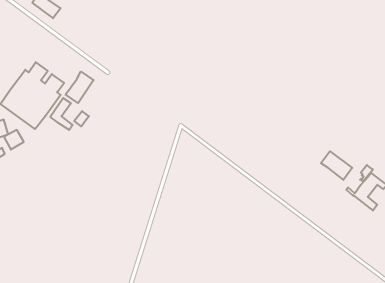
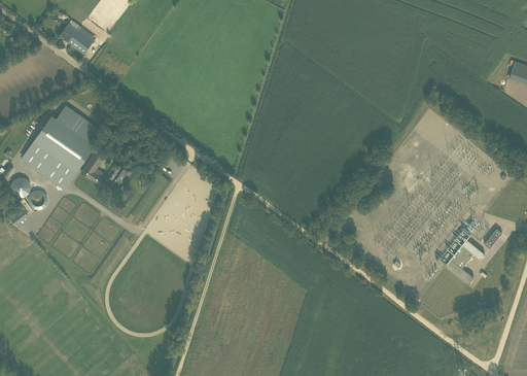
building: [66,72,94,103] -> none
building: [321,151,352,180] -> none

